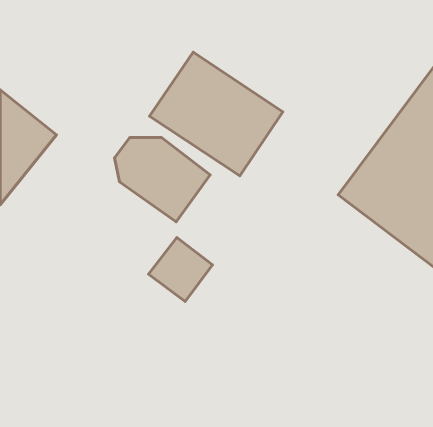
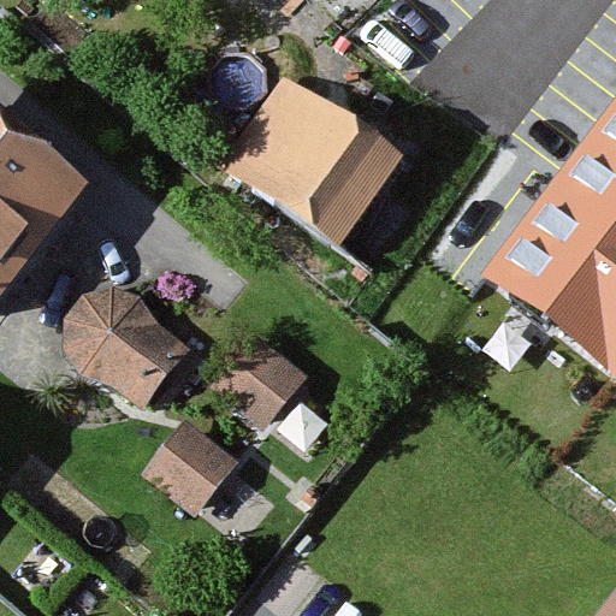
building: [115,137,210,222] -> [58,289,192,408]
building: none -> [144,419,238,511]

